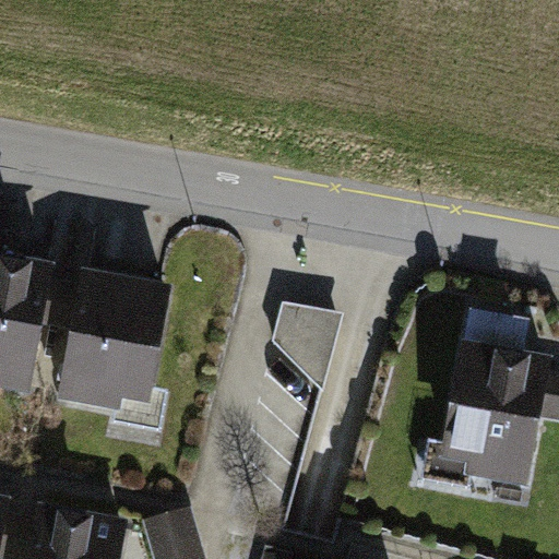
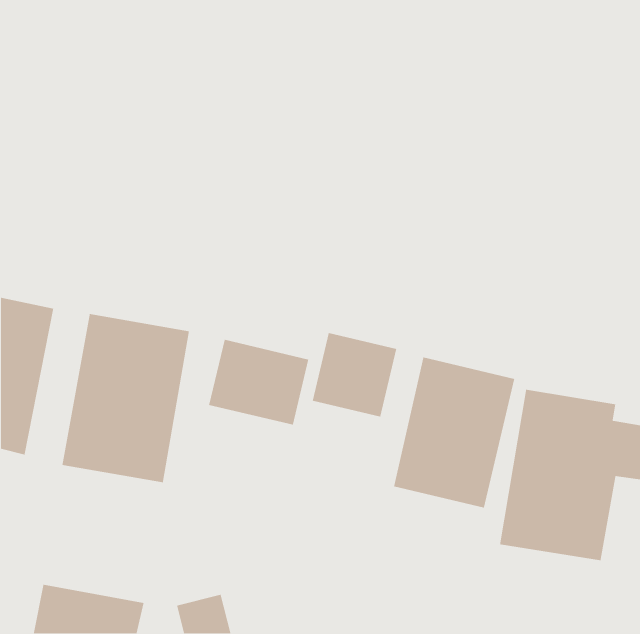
building: none -> [208,339,309,426]
building: none -> [393,357,515,508]

